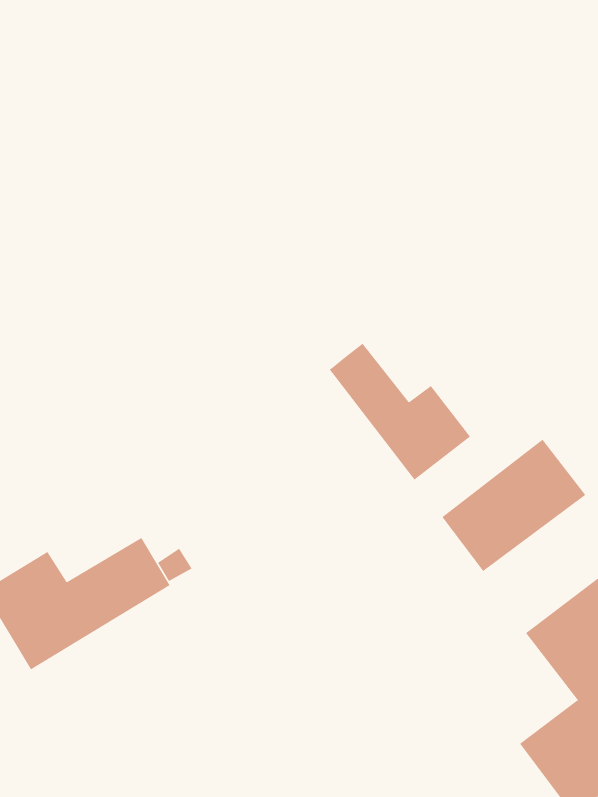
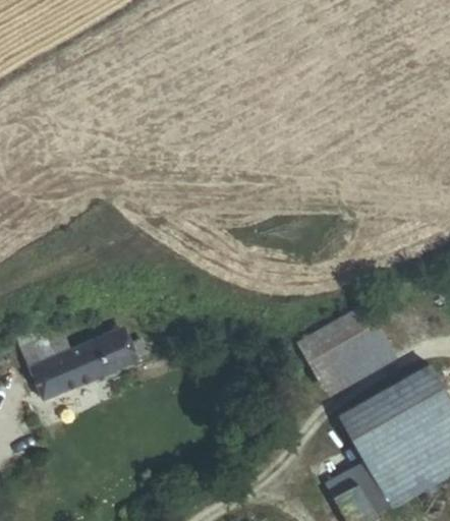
building: [329,343,471,480] -> none

